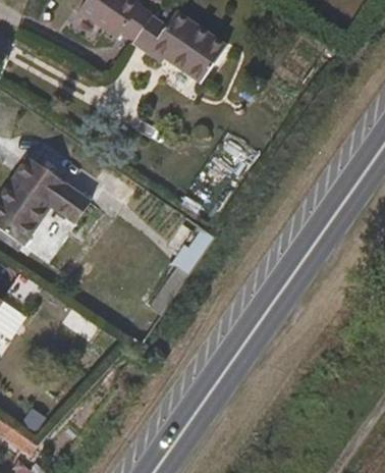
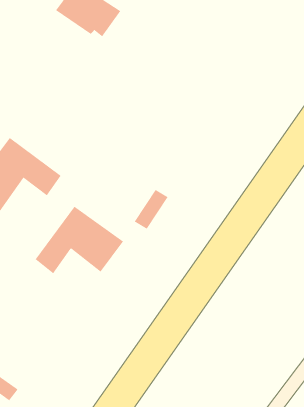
building: [133,11,228,86] -> none
building: none -> [35,206,124,274]

